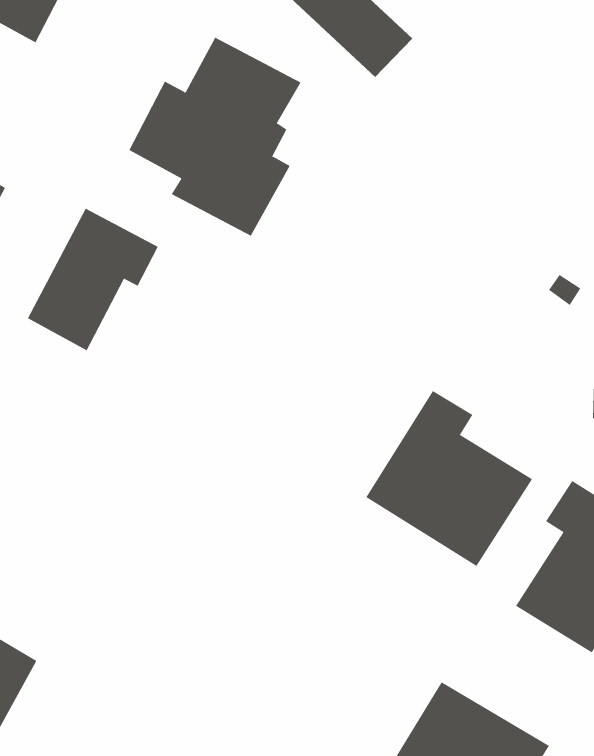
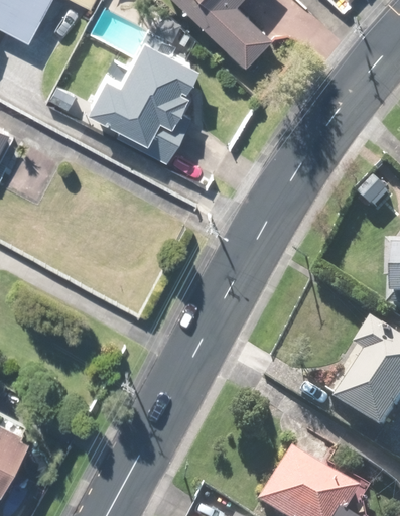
building: [27,208,158,351] -> none
building: [366,390,533,567] -> none

